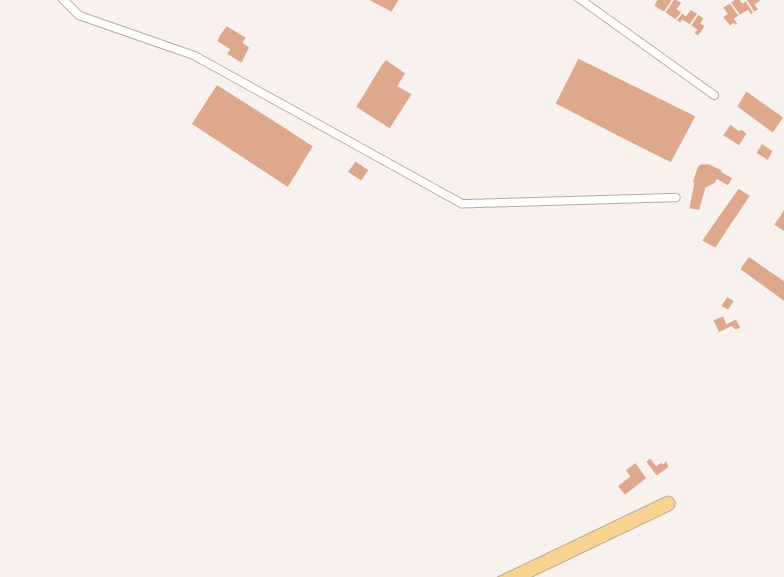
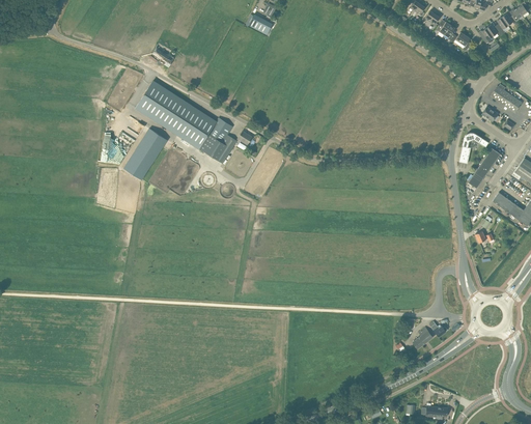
building: [555,58,696,163] -> none
building: [355,59,413,129] -> [199,117,236,163]
building: none -> [123,129,167,179]

